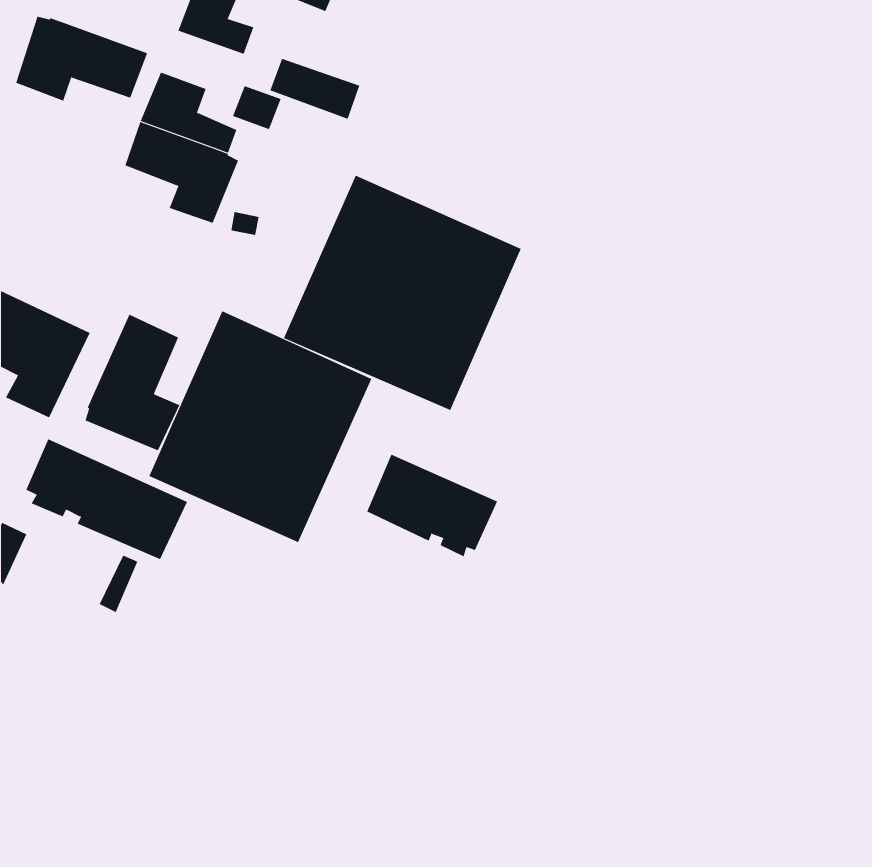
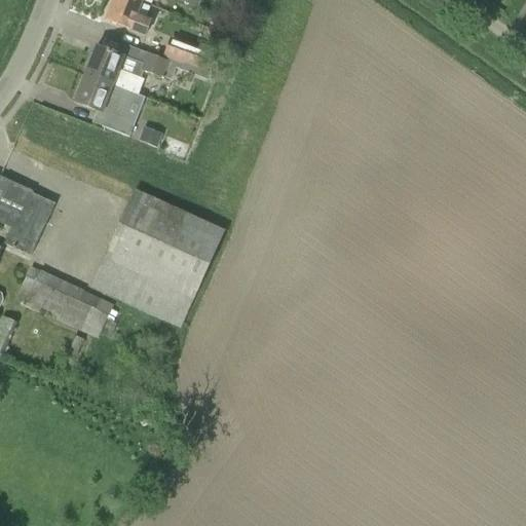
building: [15,16,148,101] -> none
building: [283,175,522,411] -> none
building: [85,314,180,451] -> none
building: [367,454,498,557] -> none

